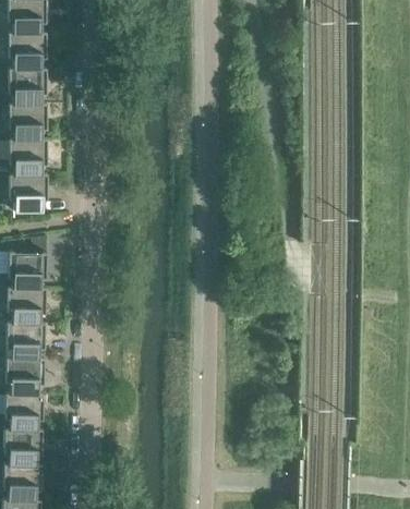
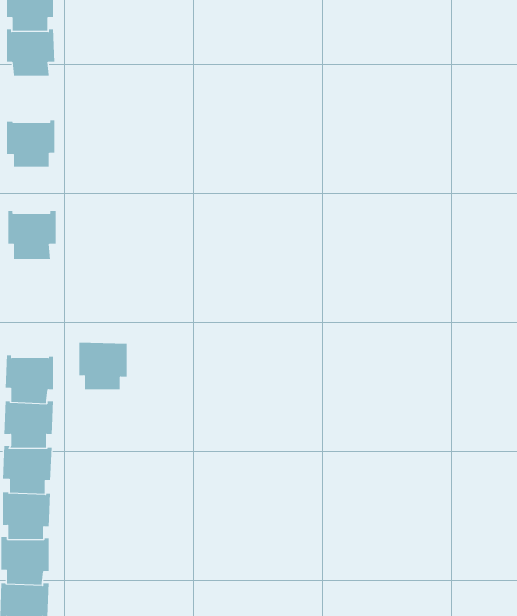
building: [7,68,45,105] -> none
building: [8,138,45,175] -> none
building: [7,251,45,288] -> [79,342,128,390]

